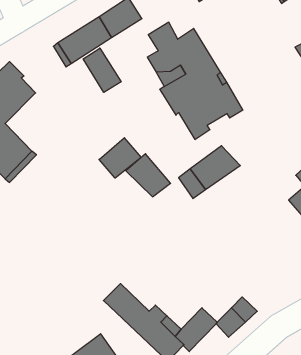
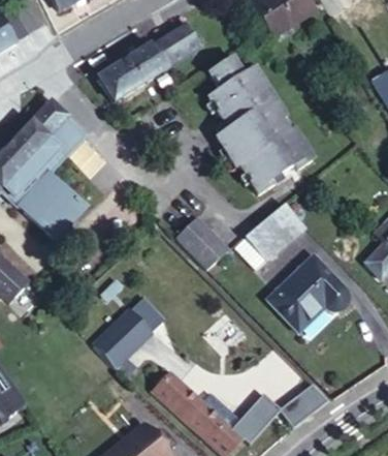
building: [83,48,121,92] -> none
building: [99,138,141,178] -> none
building: none -> [262,251,346,328]
building: none -> [93,304,150,369]

